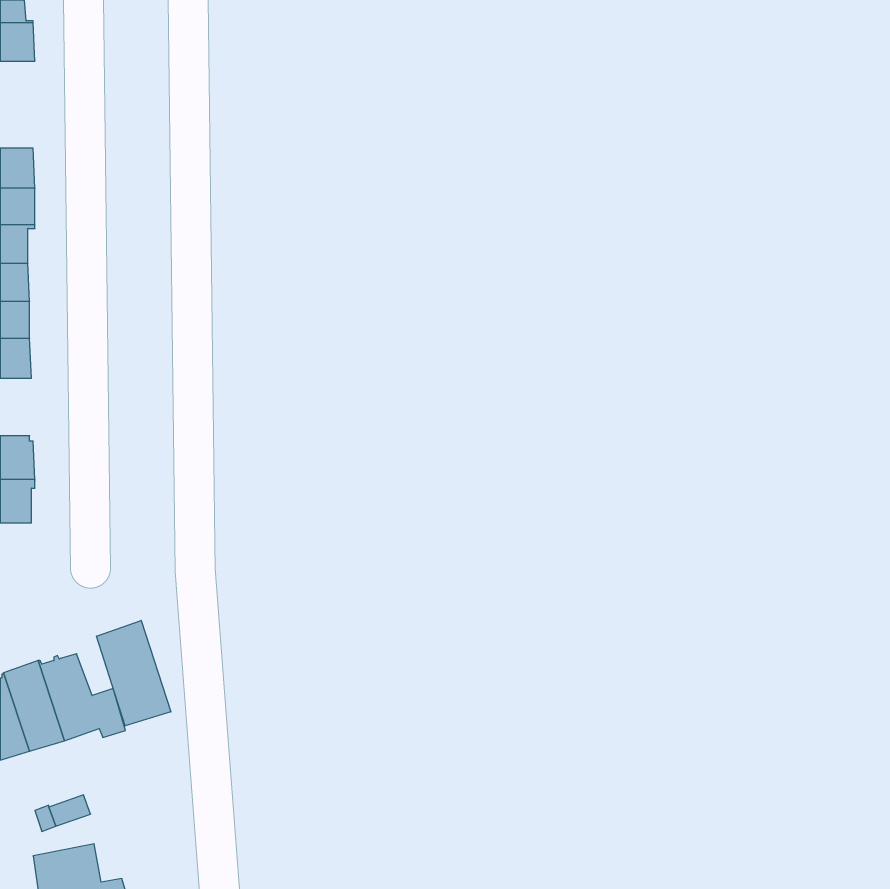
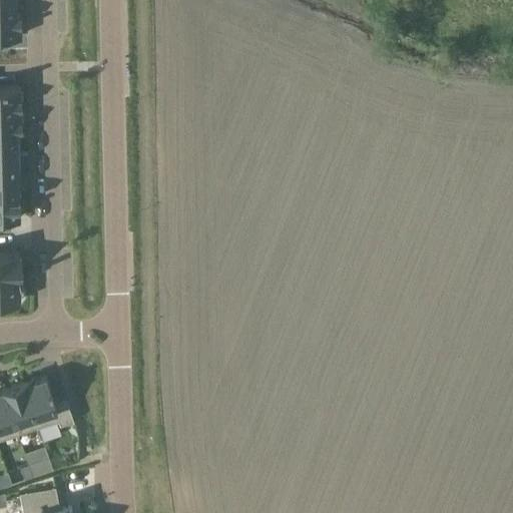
building: [97,620,171,726] -> none

